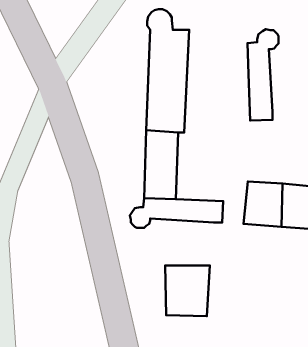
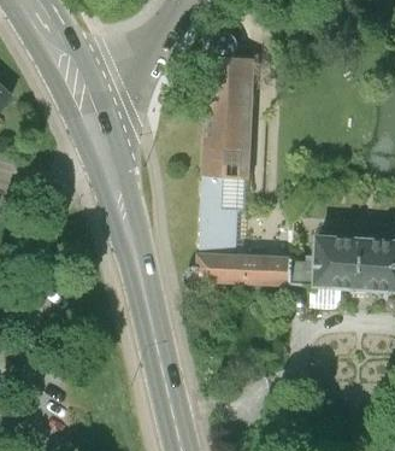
building: [248,29,279,121] -> none
building: [165,265,210,316] -> none

